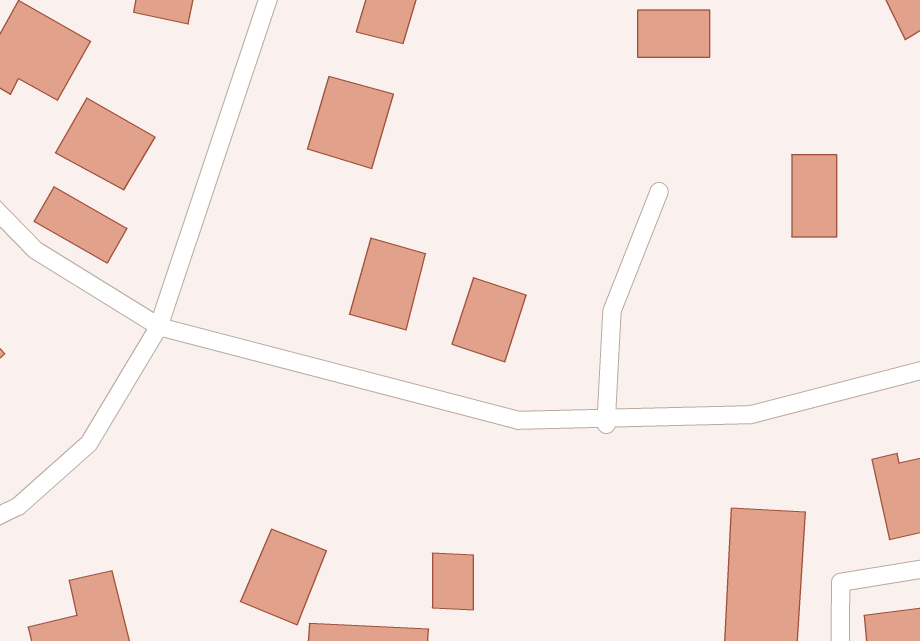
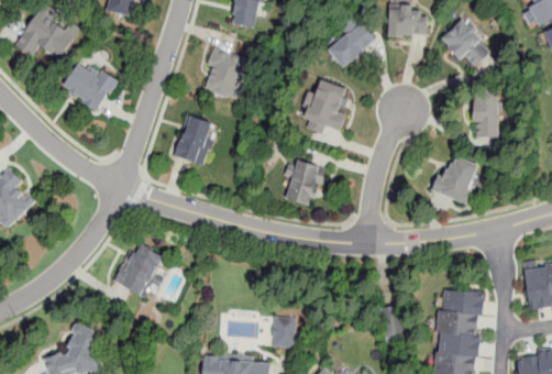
building: none -> [441,15,488,69]
building: none -> [325,21,375,68]
building: none -> [302,79,352,135]
building: [34,187,127,263] -> none
building: [349,238,426,330] -> [174,112,217,164]
building: none -> [434,153,481,204]
building: [240,529,326,625] -> [115,242,164,296]

